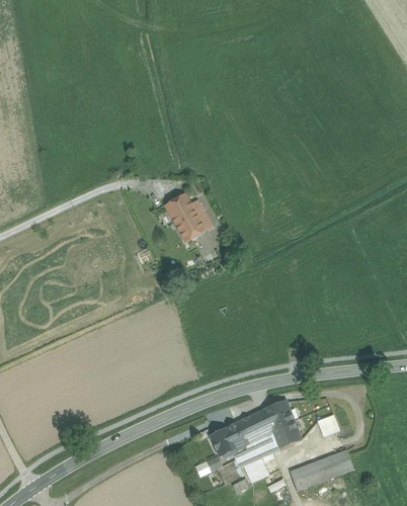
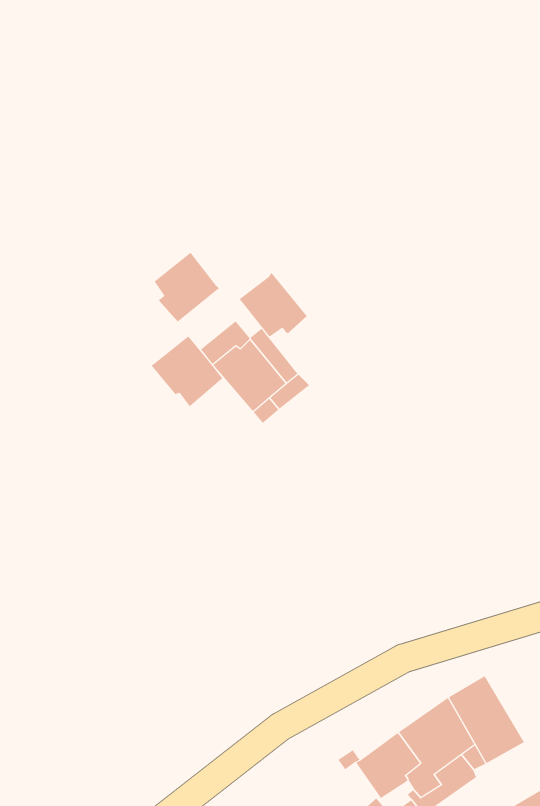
building: none -> [154,252,220,323]
building: none -> [239,272,307,337]
building: none -> [151,335,223,407]

